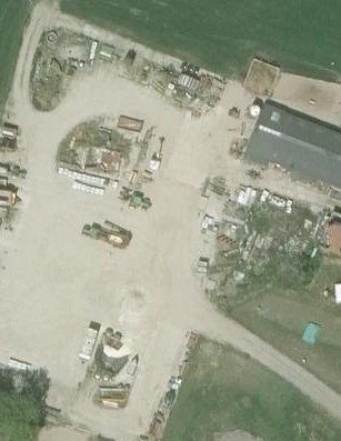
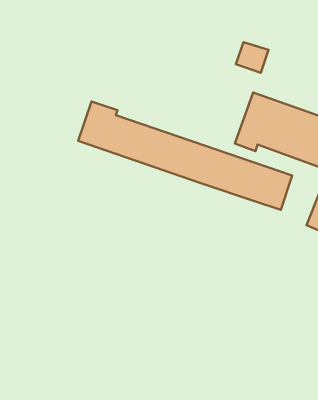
building: none -> [78,101,292,210]

